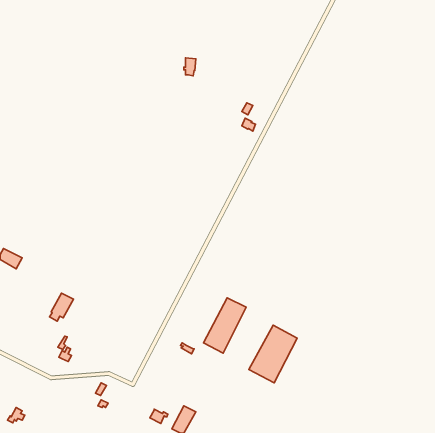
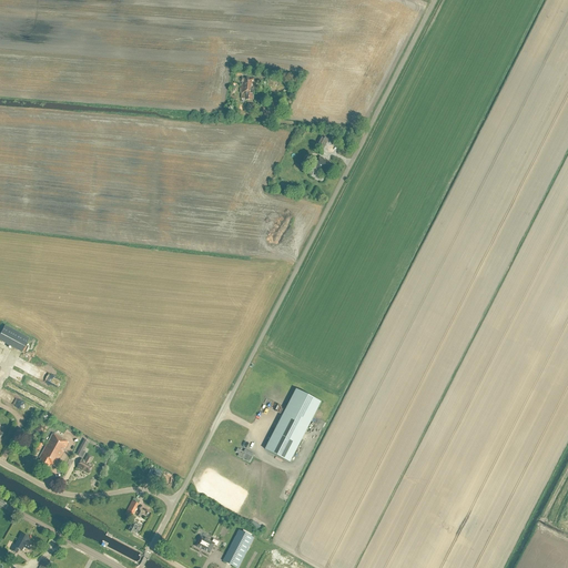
building: [50,293,73,321] -> [37,433,68,469]
building: [249,325,297,383] -> none

